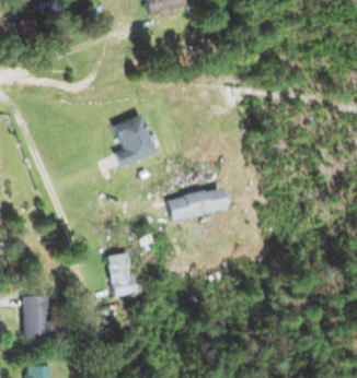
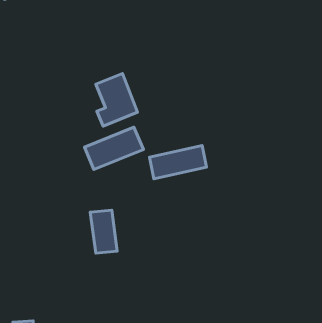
building: none -> [84,127,143,169]
building: [23,295,48,339] -> none

